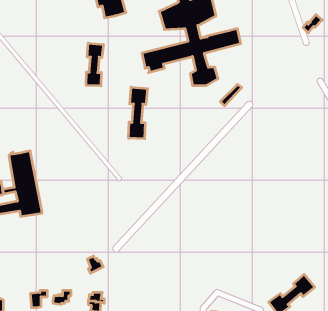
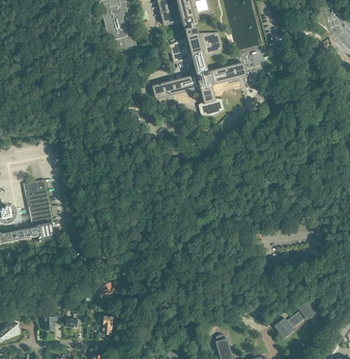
building: [86,43,103,86] -> none
building: [129,87,148,139] -> none

